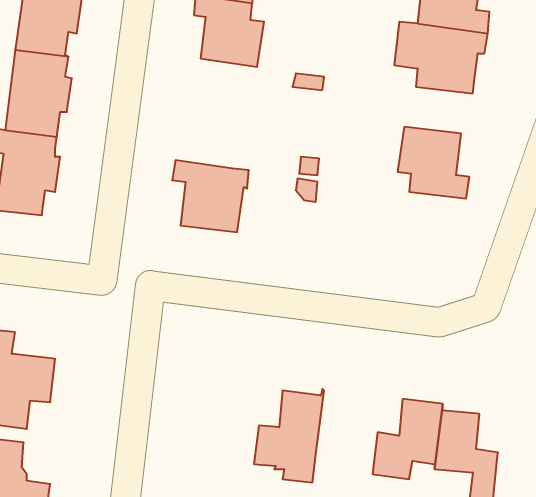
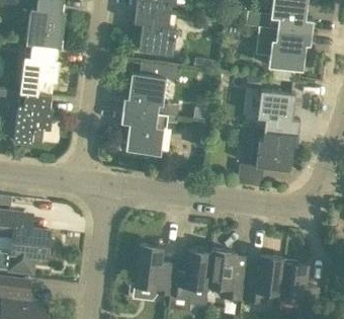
building: none -> [122,63,179,117]
building: none -> [250,128,298,171]
building: none -> [134,245,174,295]
building: none -> [207,250,245,301]

